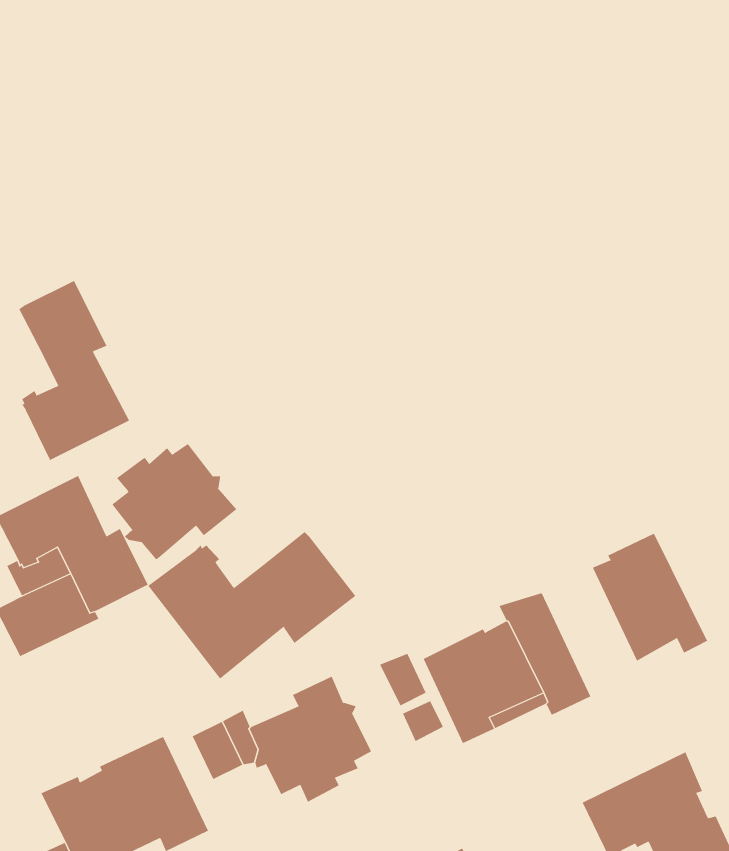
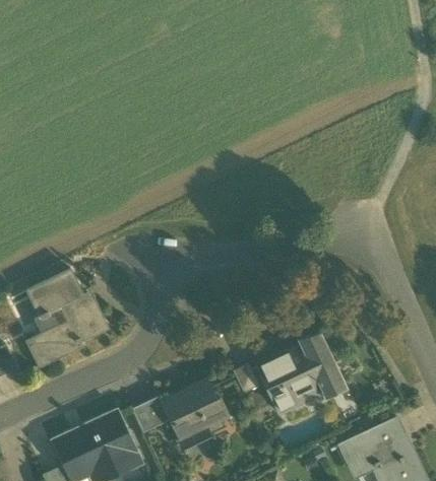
building: [18,280,130,461] -> none
building: [112,443,237,560] -> none
building: [148,531,356,679] -> none
building: [593,533,708,662] -> none

